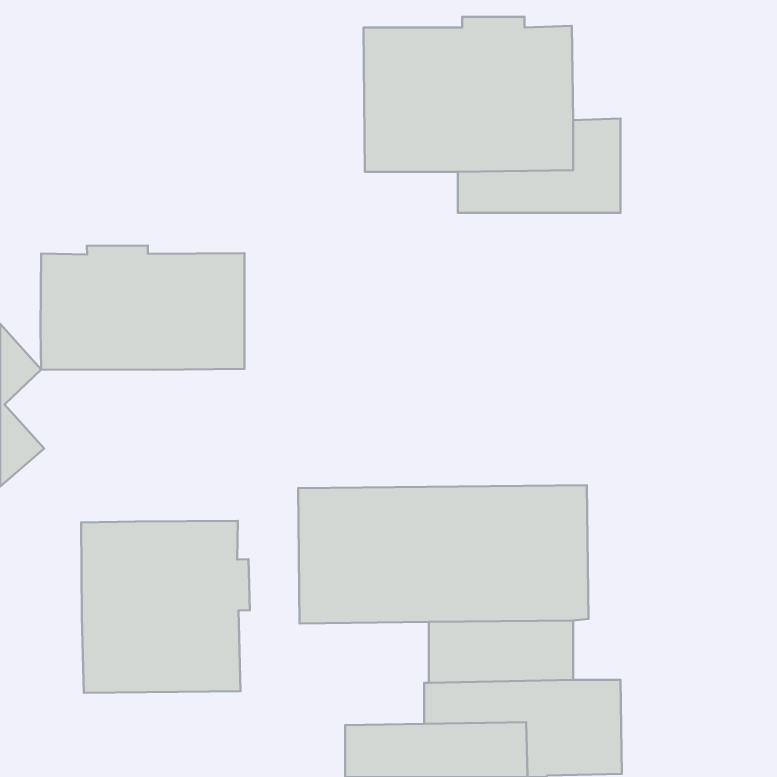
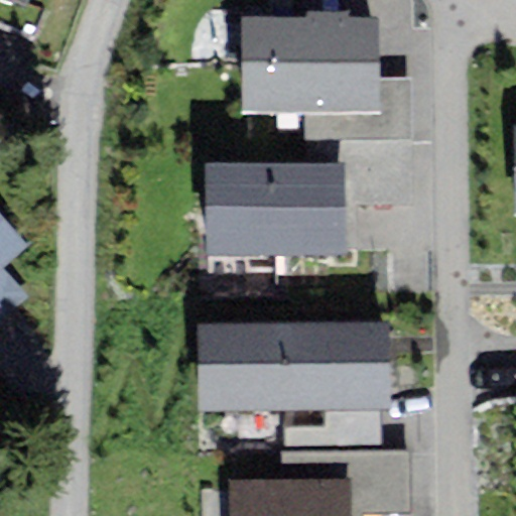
building: none -> [205,162,344,254]
building: [41,245,244,370] -> none
building: [81,521,250,693] -> none

